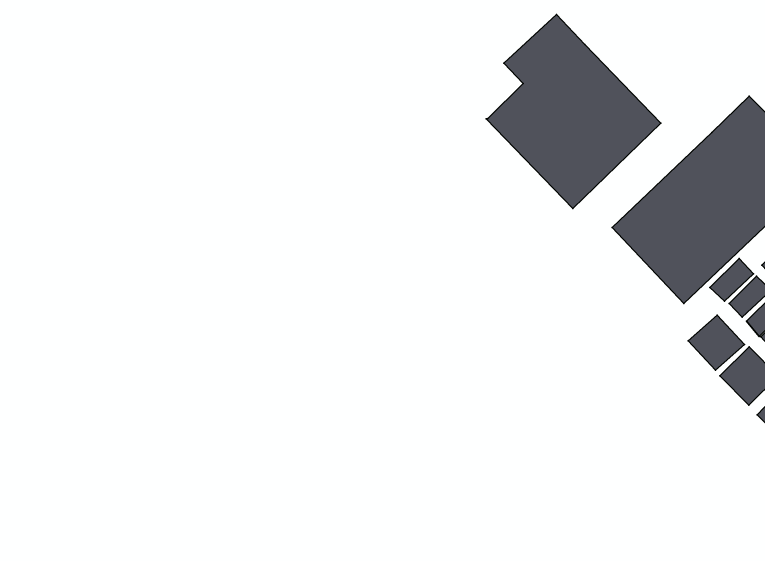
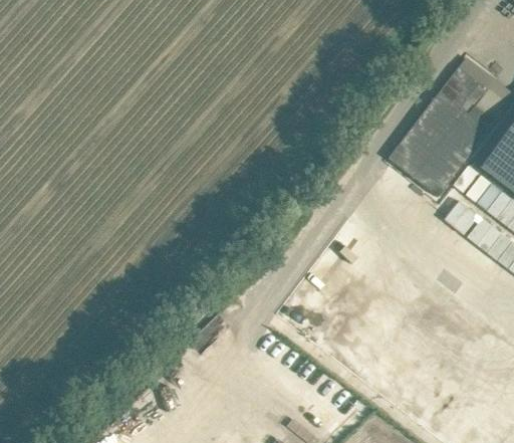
building: [486,14,661,208] -> none

